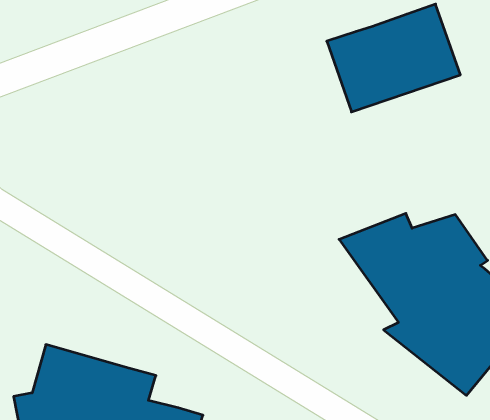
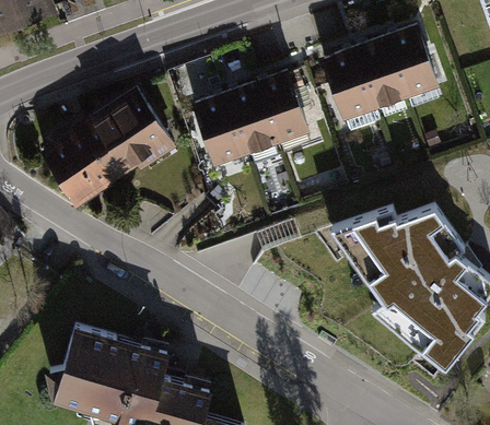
building: none -> [190,69,312,168]
building: none -> [42,87,176,208]

